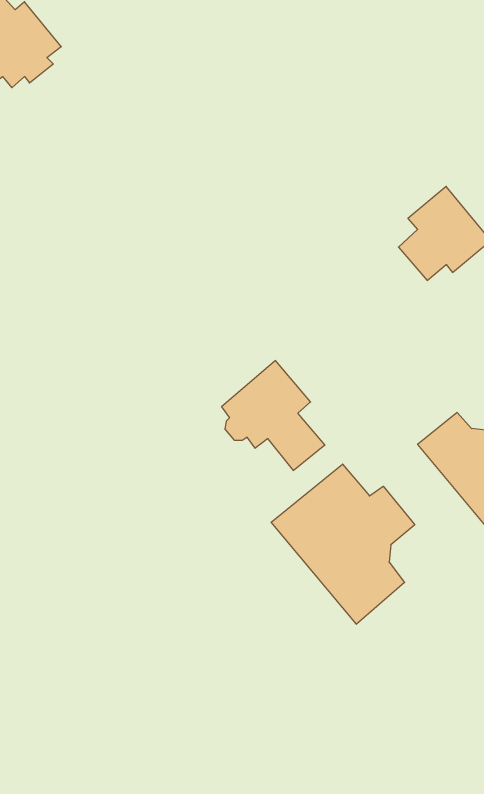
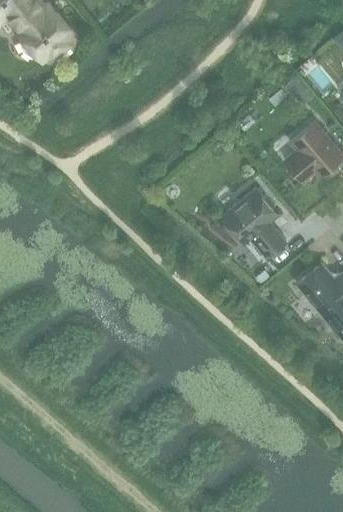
building: [222,361,325,470] -> [221,189,286,258]
building: [271,464,415,624] -> none

